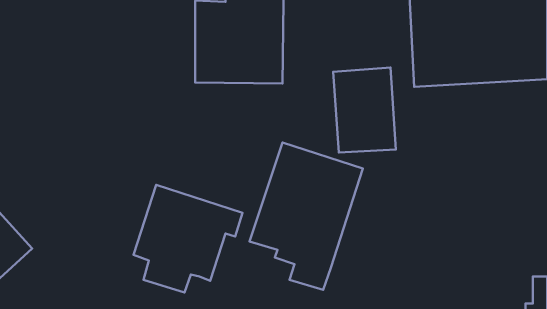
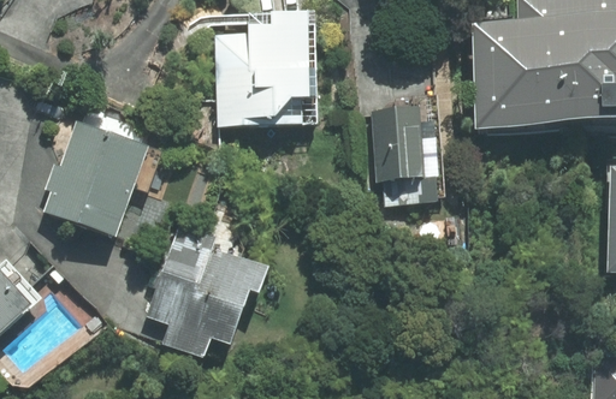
building: none -> [37,113,159,240]
building: [249,143,363,290] -> none

